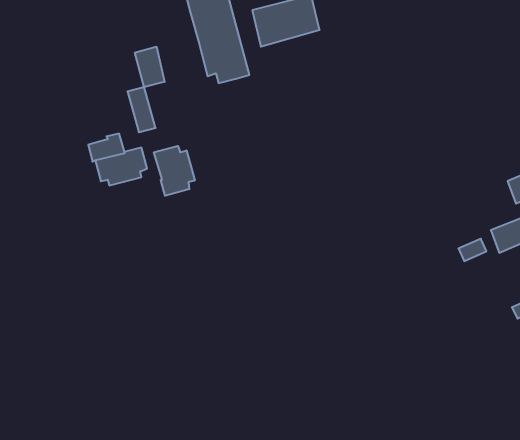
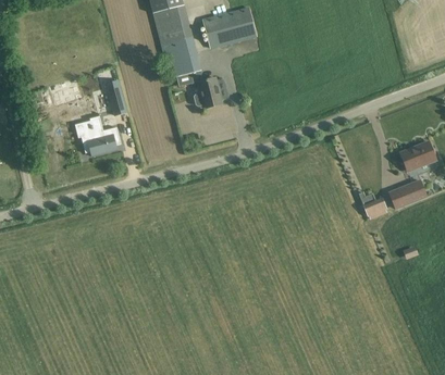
building: [135,47,165,87] -> none
building: none -> [195,78,221,108]
building: [154,146,195,196] -> none

